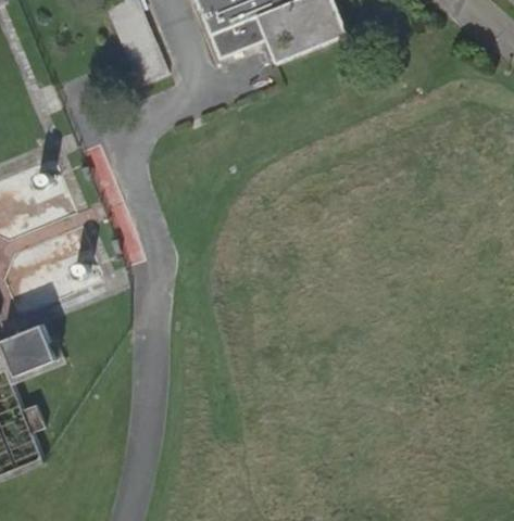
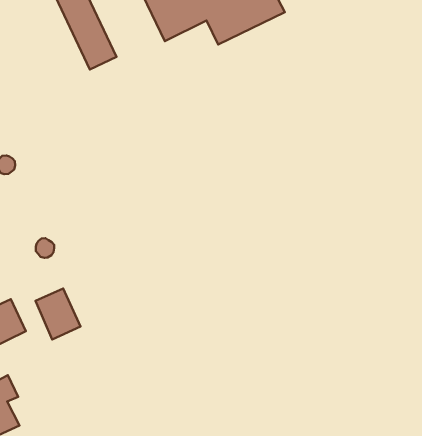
building: none -> [36,289,80,339]

